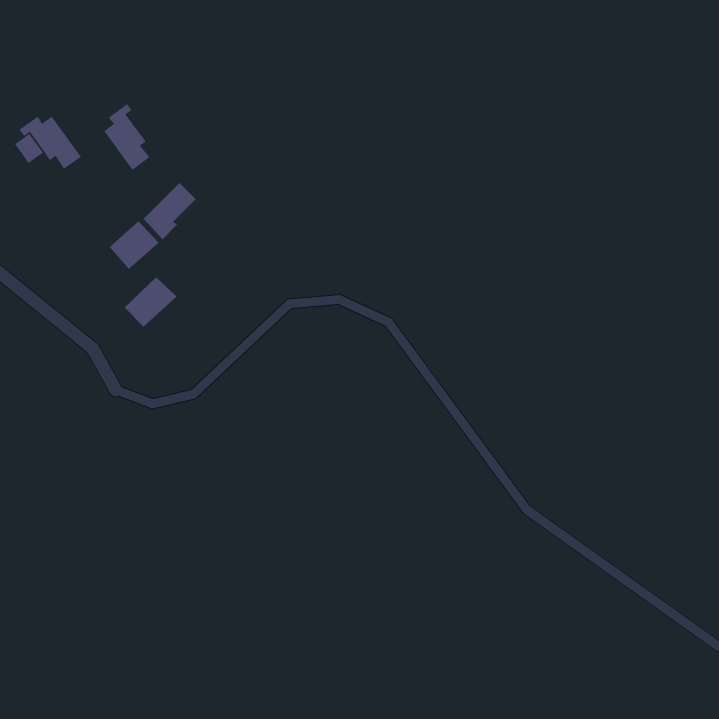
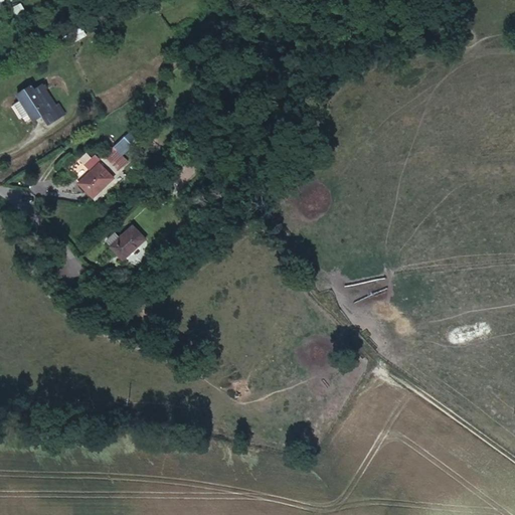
building: [103,103,150,171] -> none
building: [124,277,177,327] -> [110,226,148,263]

